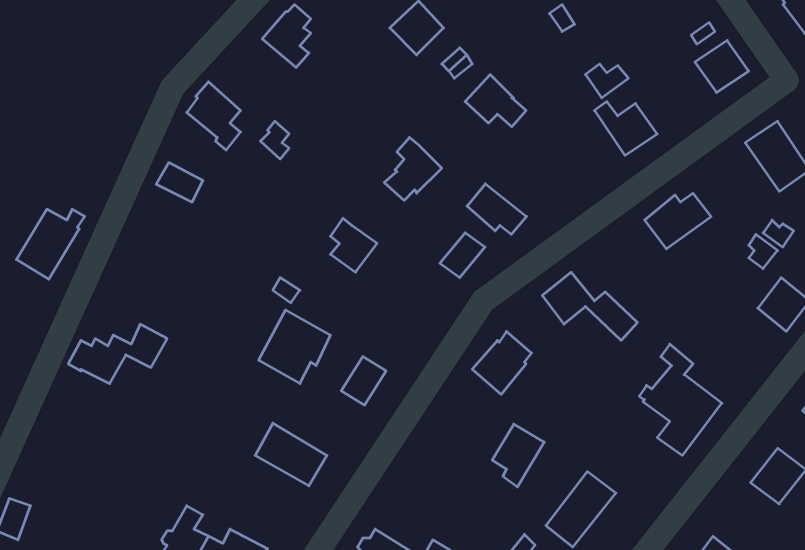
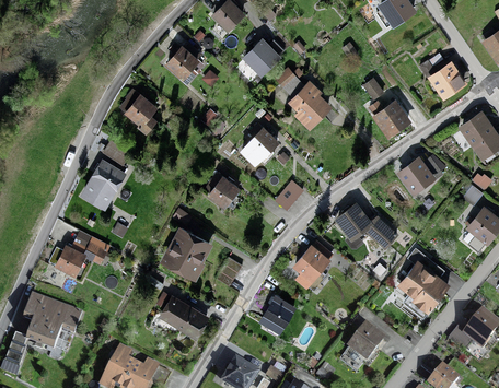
building: [467,184,527,234] -> none
building: [16,209,85,279] -> [83,162,125,204]
building: none -> [24,295,80,348]
building: [492,424,544,487] -> [260,297,292,336]

